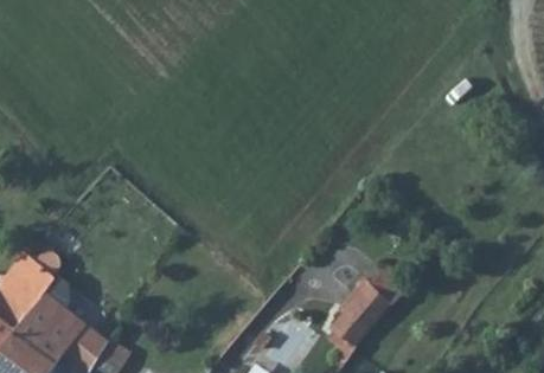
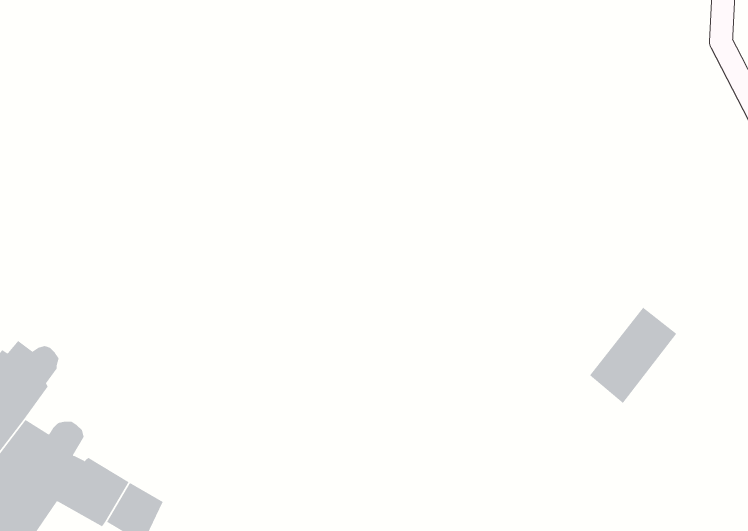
building: [325,281,383,345] -> [589,307,677,404]

